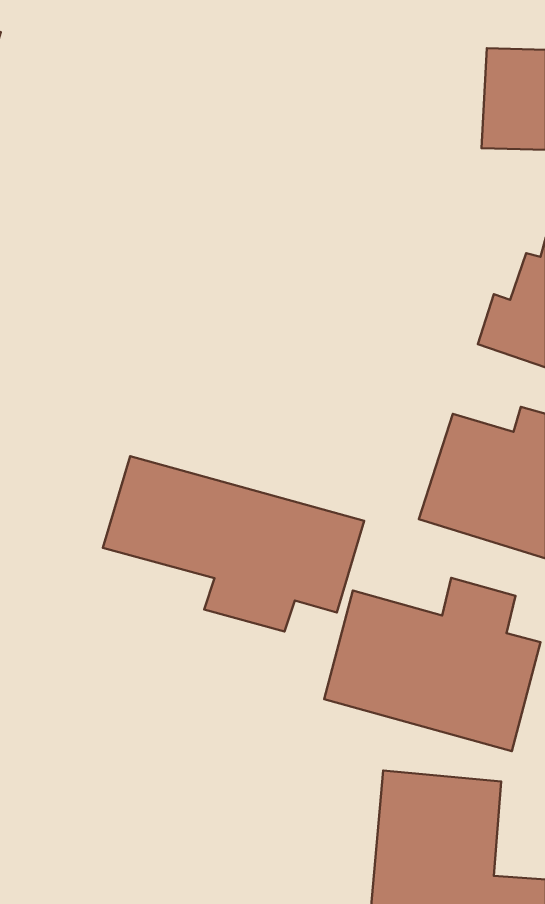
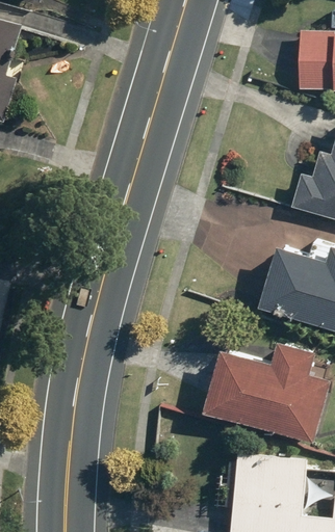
building: [103,456,364,631] -> none

